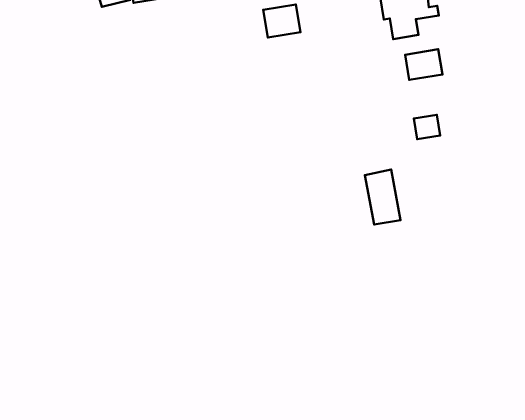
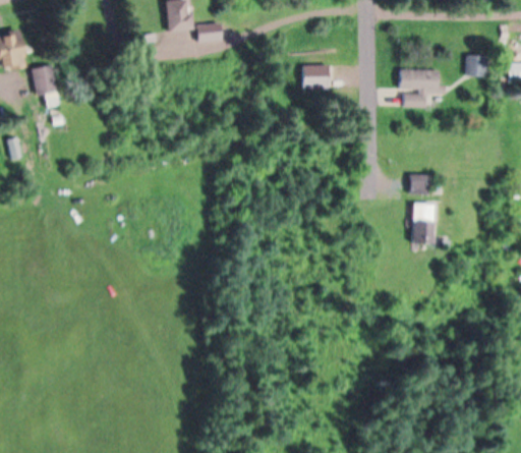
building: [405,49,442,80] -> none
building: [365,170,401,224] -> [413,202,437,244]

